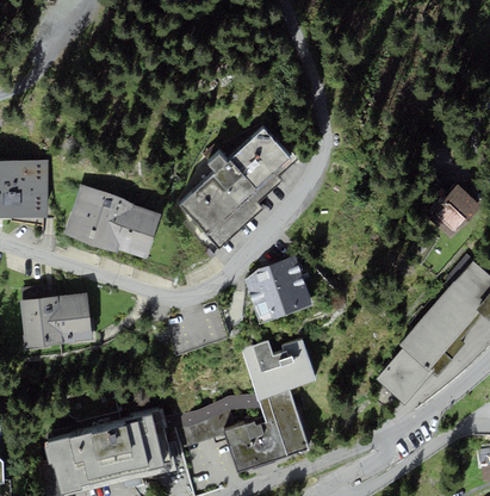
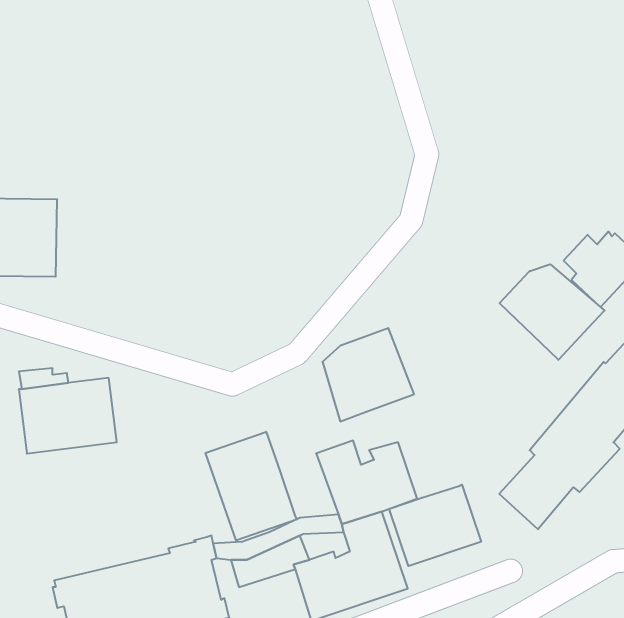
building: [179,128,293,247] -> none
building: [63,184,161,260] -> none
building: none -> [500,264,605,360]
building: none -> [206,432,297,541]
building: none -> [389,485,481,566]

